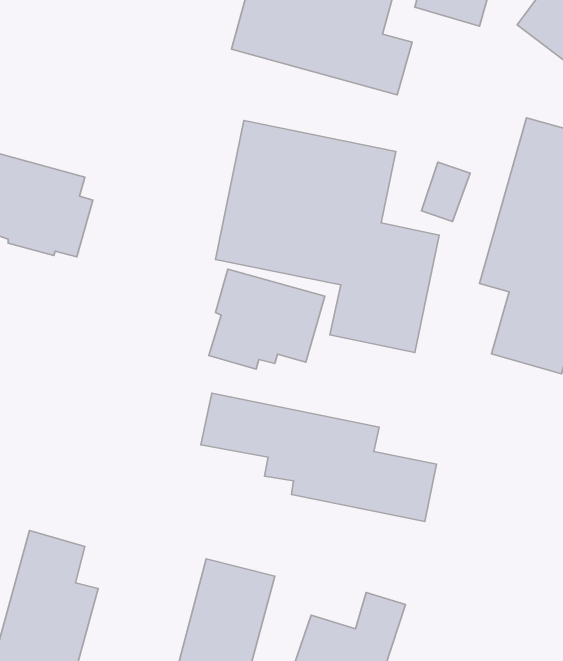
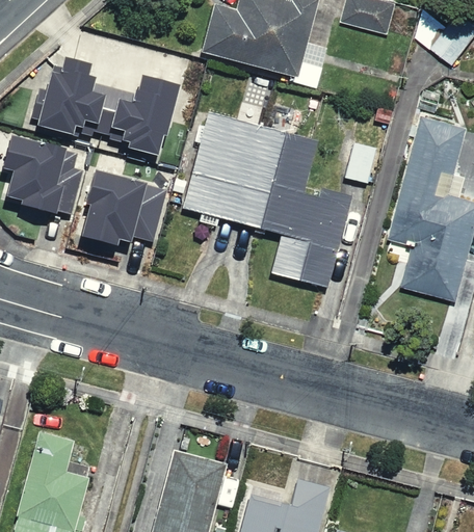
building: none -> [34,57,182,156]
building: [209,269,325,369] -> [82,170,172,247]
building: [201,393,436,522] -> none

